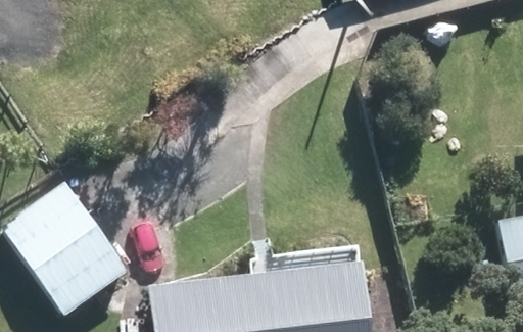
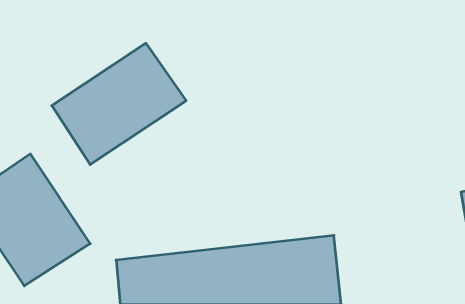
building: none -> [52,43,186,165]

